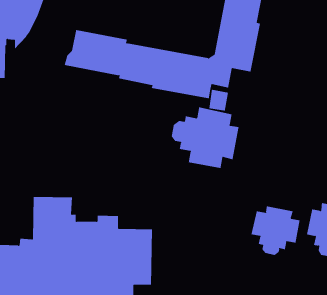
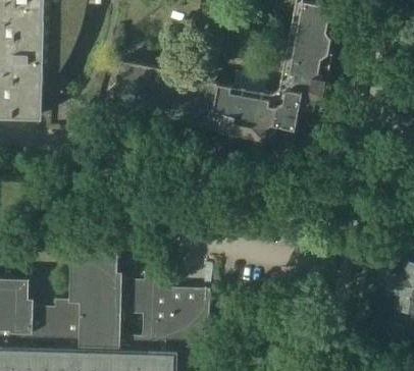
building: [171,106,239,169] -> none
building: [251,206,300,256] -> none

